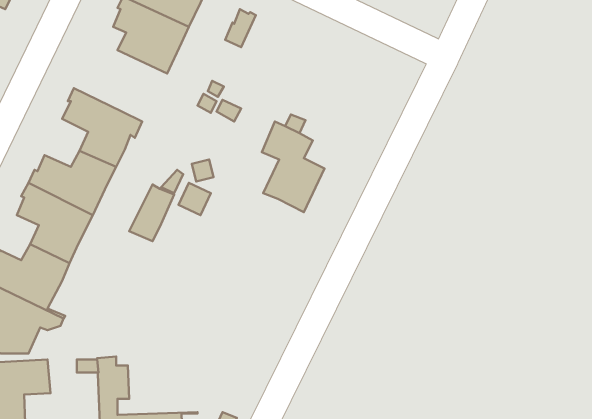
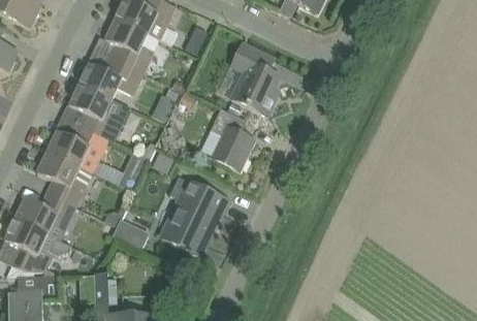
building: none -> [230,42,279,116]
building: none -> [76,56,142,99]
building: none -> [161,175,226,255]
building: none -> [112,217,149,246]

